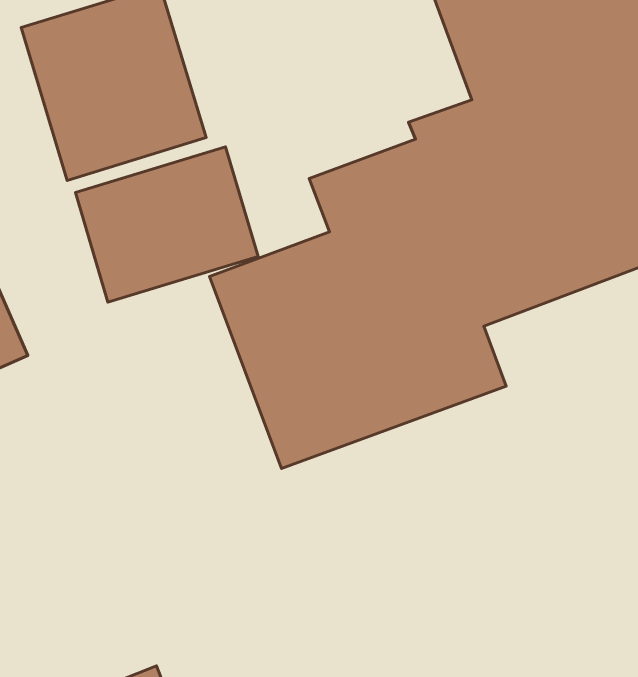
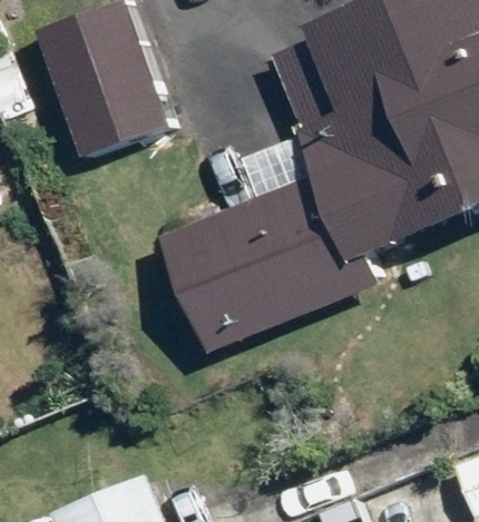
building: [76,147,258,302] -> none

